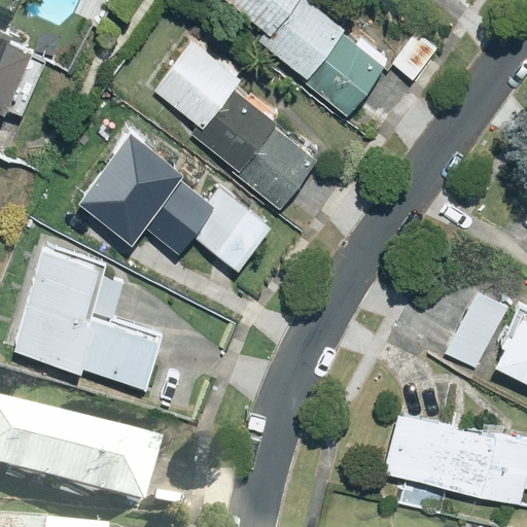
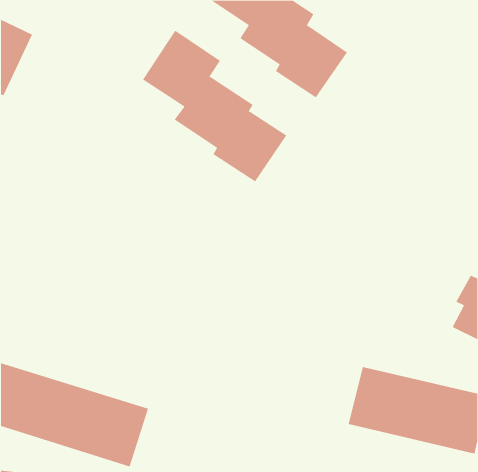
building: [79,128,271,269] -> none
building: [10,245,161,388] -> none
building: [446,295,507,370] -> none

